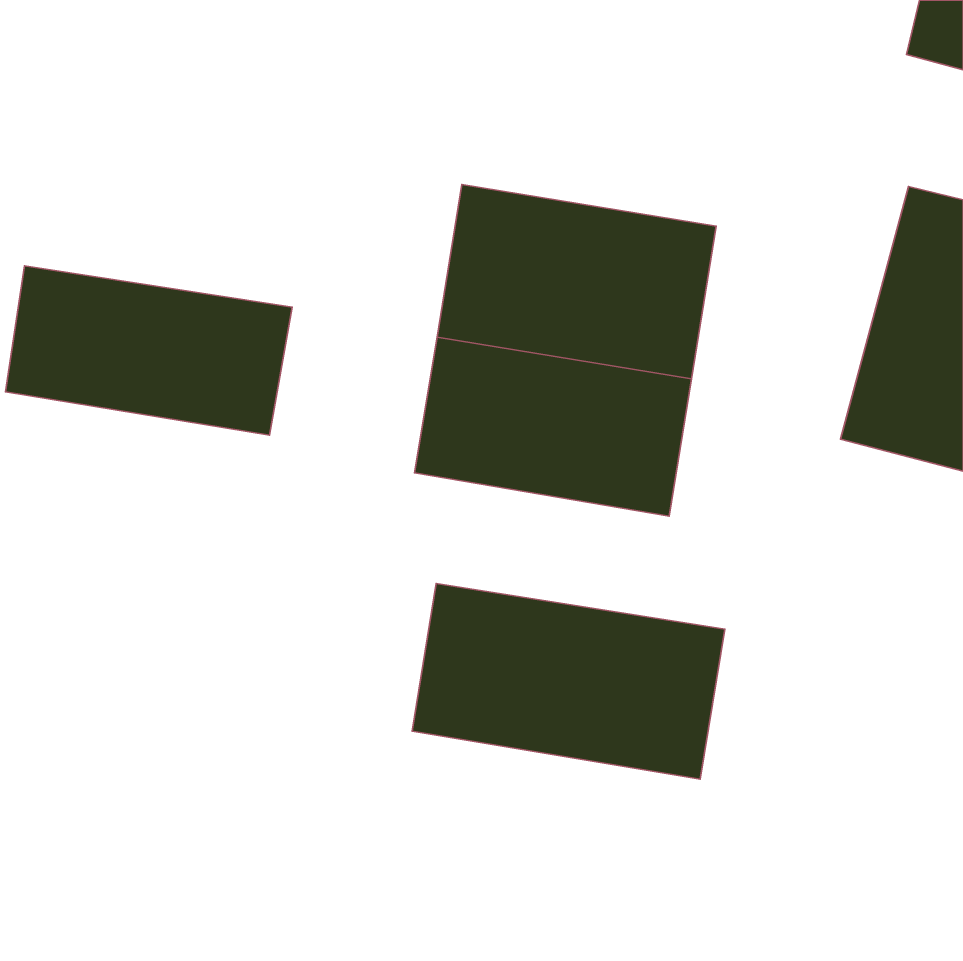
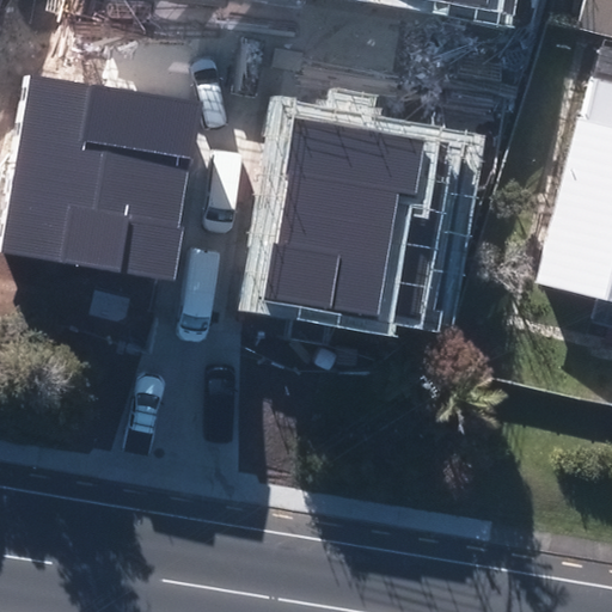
building: none -> [16,76,200,196]
building: [412,583,725,779] -> none

